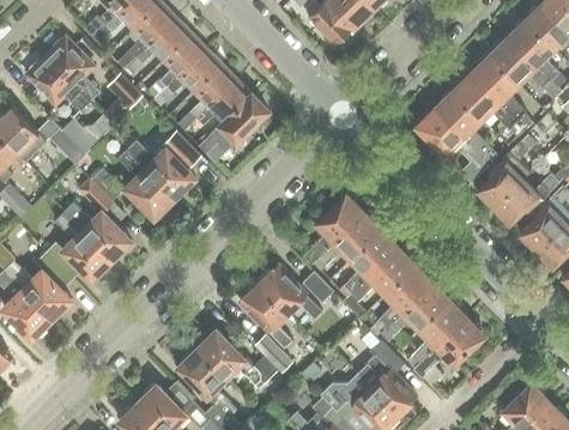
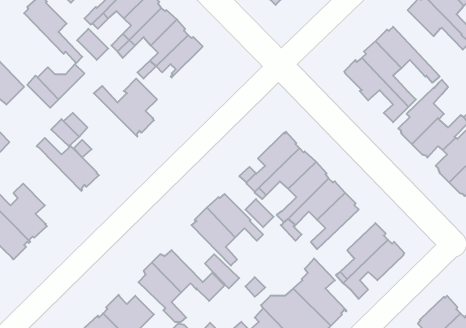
building: [472,53,533,129] -> none
building: [25,56,92,113] -> none
building: [199,95,268,163] -> none
building: [119,149,177,218] -> none
building: [46,212,113,280] -> none
building: [381,283,452,340] -> none

